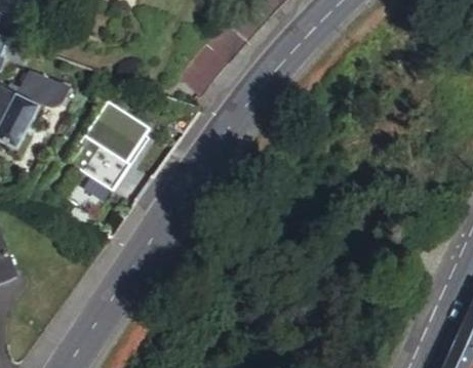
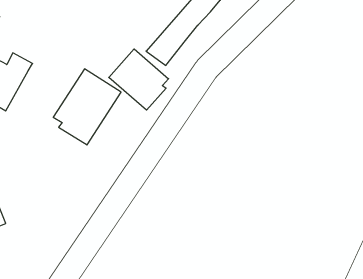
building: [24,70,70,106] -> none
building: none -> [109,49,169,110]

